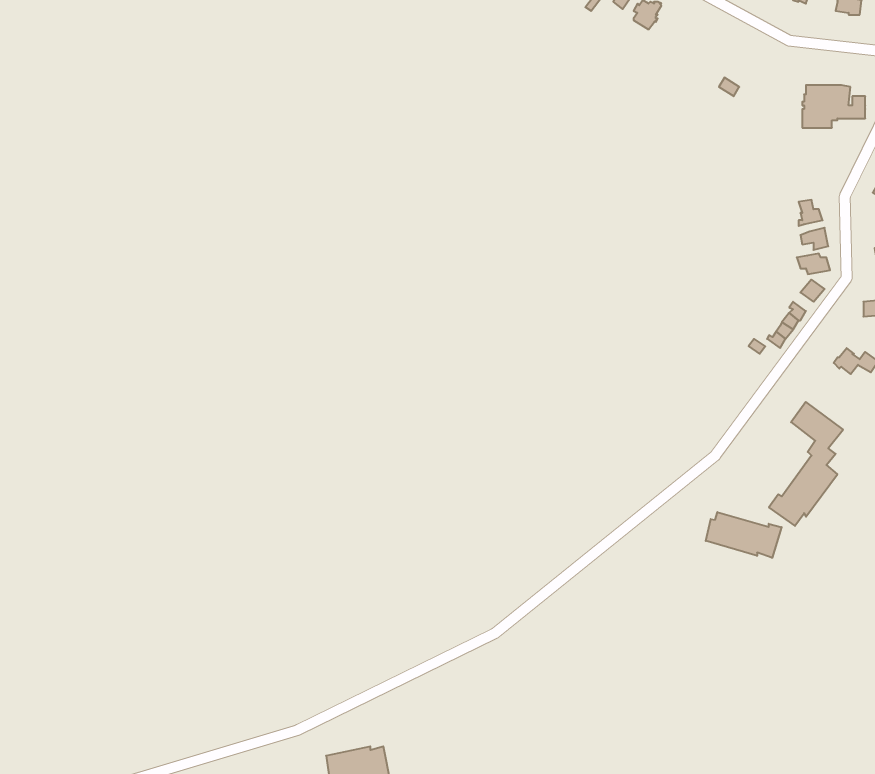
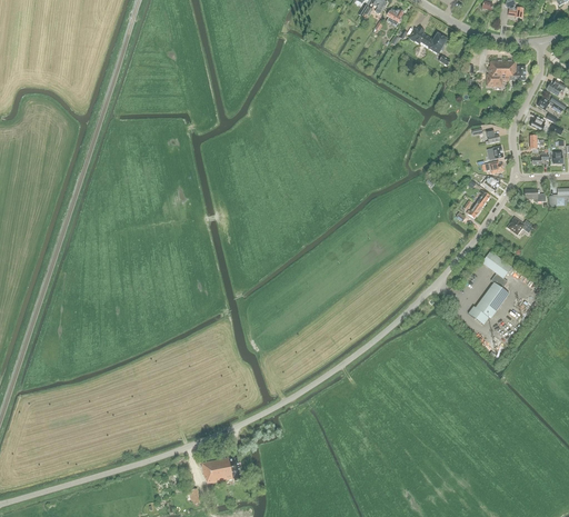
building: none -> [409,26,447,53]
building: [706,512,782,558] -> none

